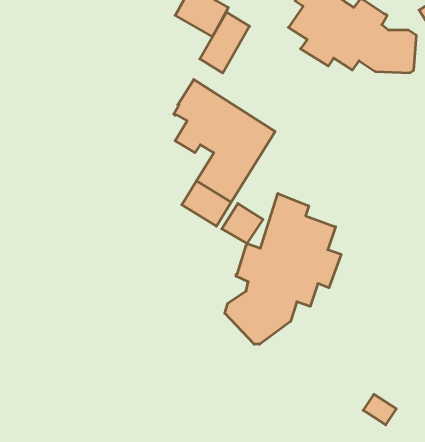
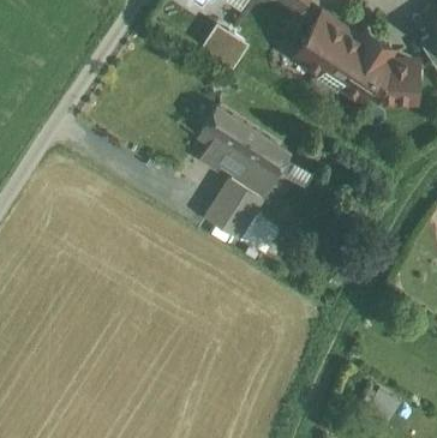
building: [200,12,250,73] -> none
building: [225,193,341,344] -> none

